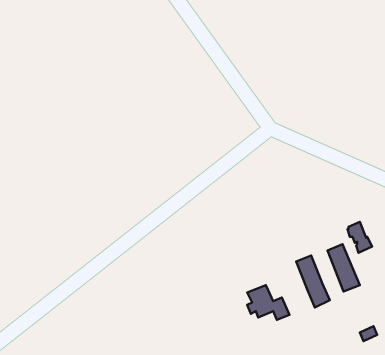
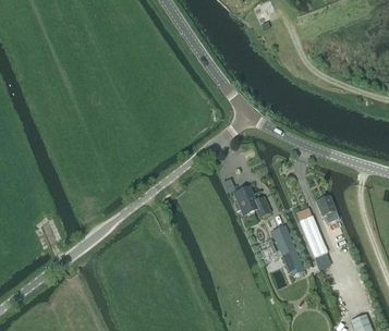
building: [247,285,289,320] -> [233,185,270,216]

